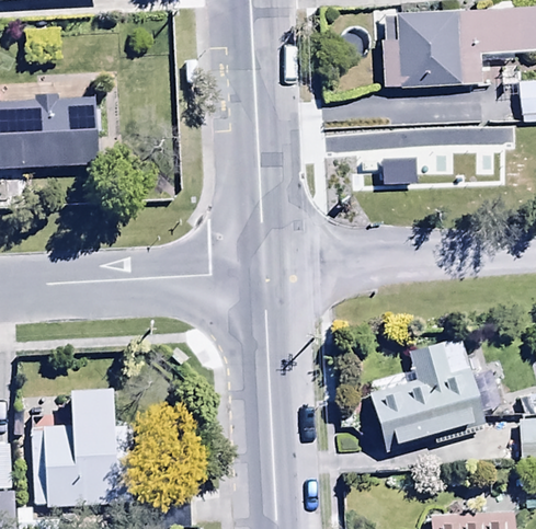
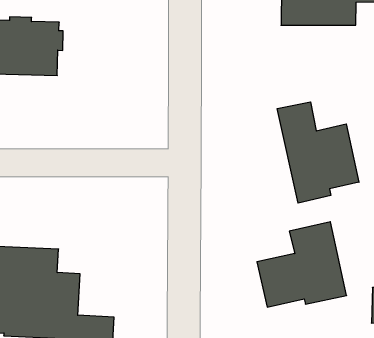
building: none -> [277,102,359,203]

